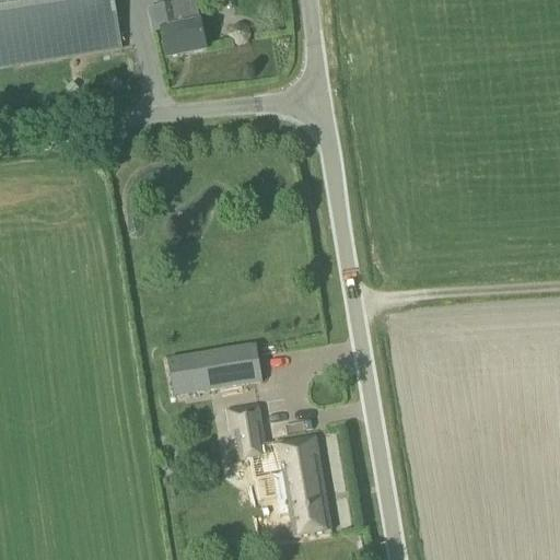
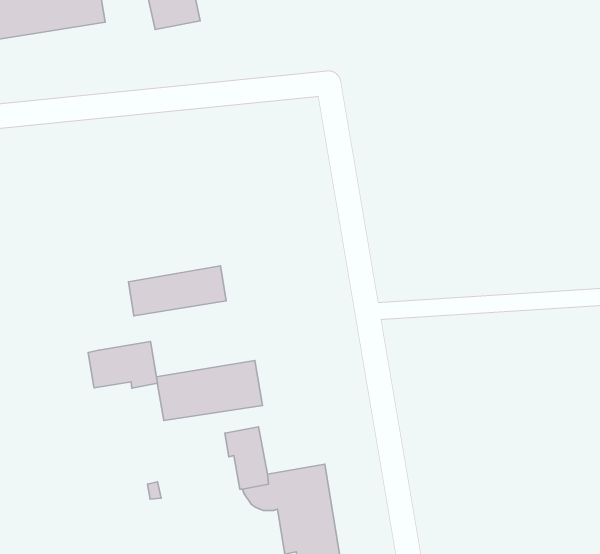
building: none -> [128,266,226,316]
building: none -> [88,342,157,388]

